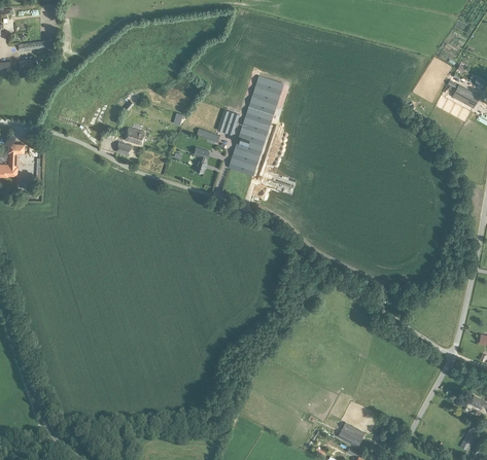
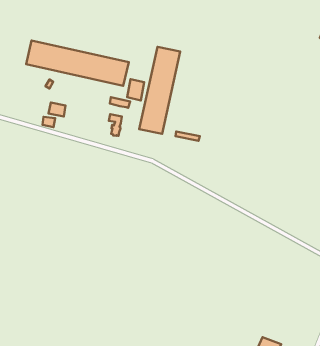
building: none -> [26,40,129,86]

